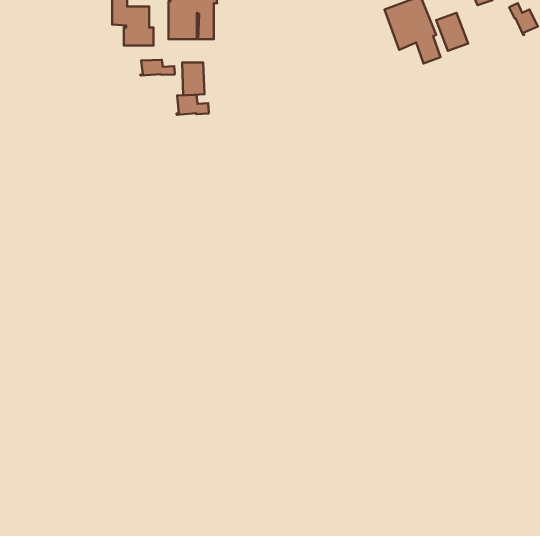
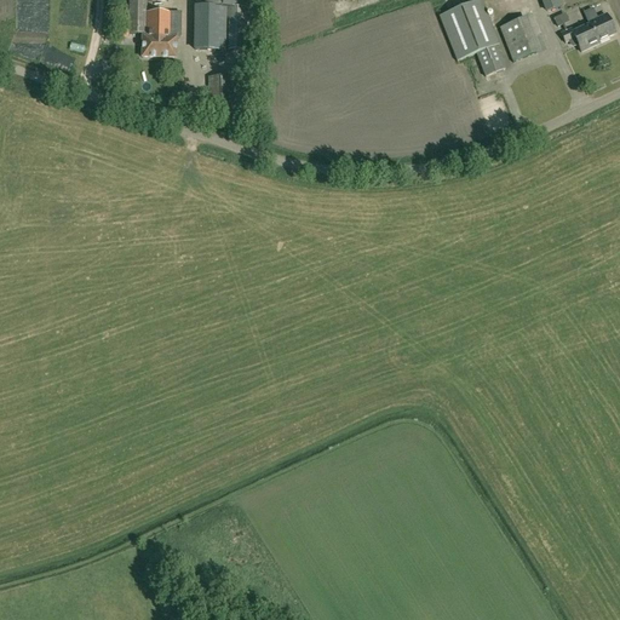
building: none -> [559,21,598,48]
building: [140,60,175,76] -> none
building: [176,95,209,115] -> none

